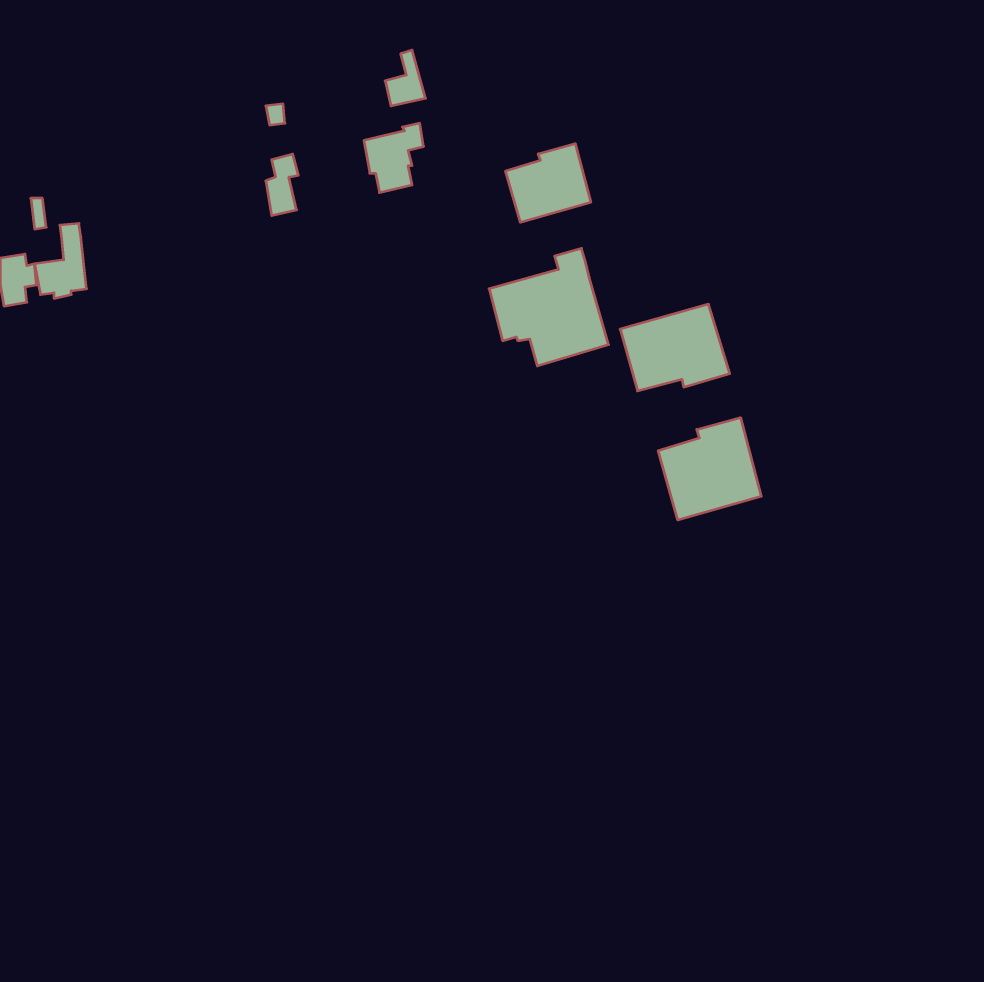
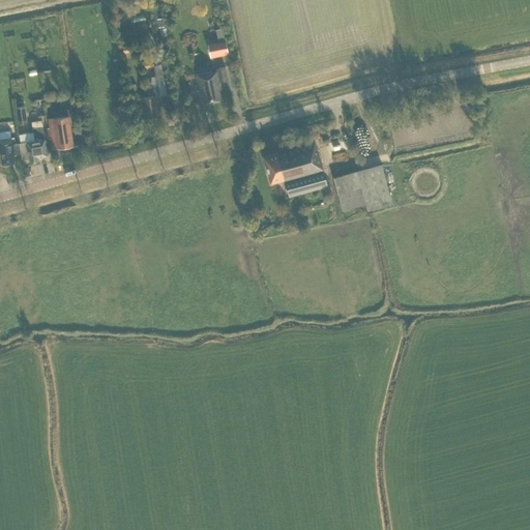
building: [506,144,591,222] -> none
building: none -> [48,110,72,148]
building: [658,418,761,520] -> none

